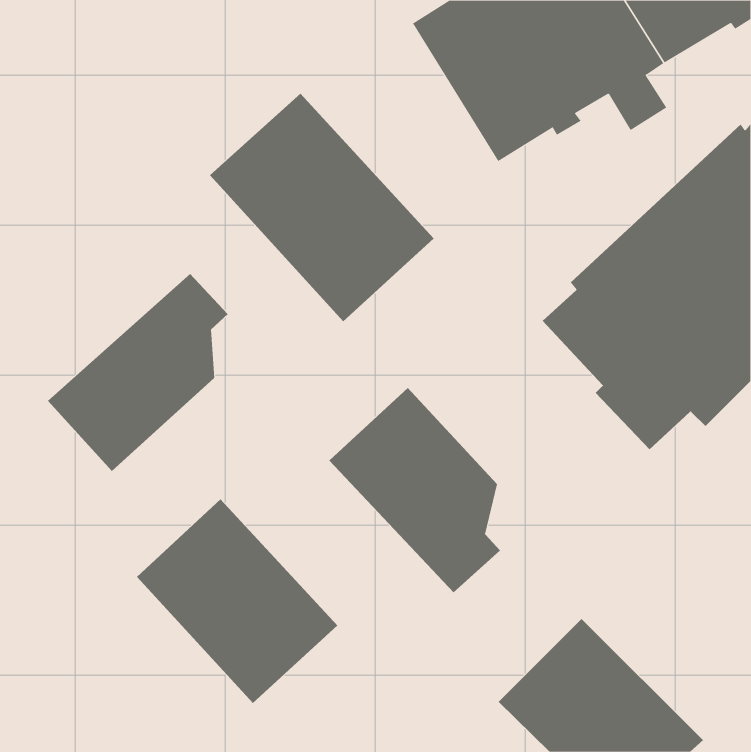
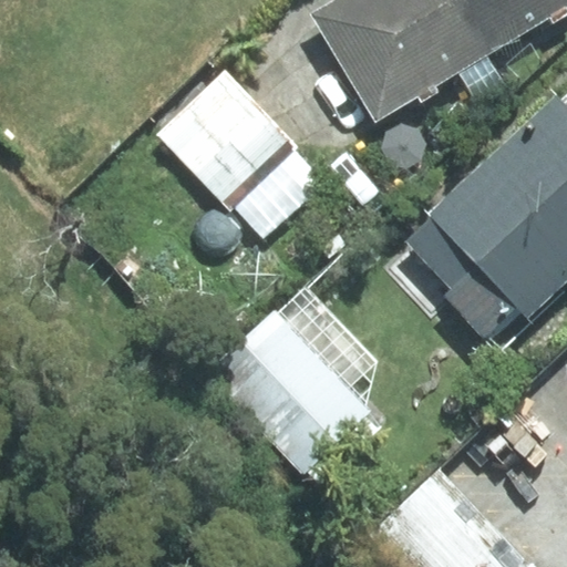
building: [47,273,229,472] -> none
building: [136,498,338,704] -> none

